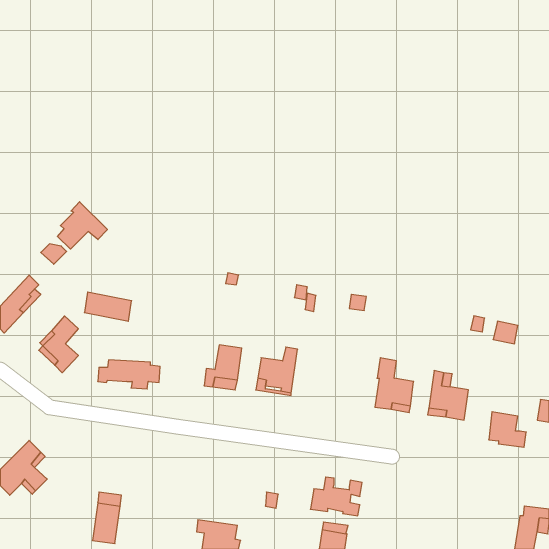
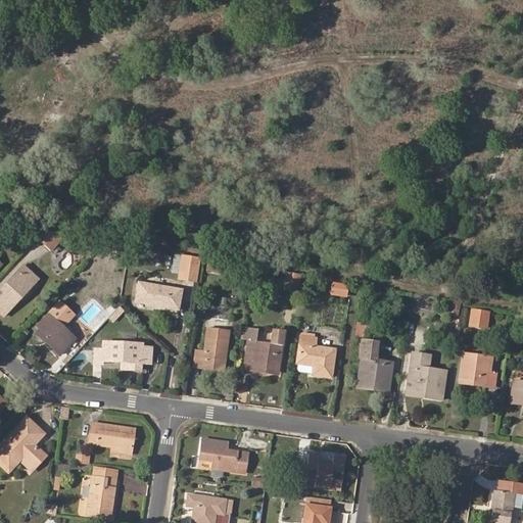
building: [57,202,107,249] -> none
building: none -> [179,255,199,282]
building: [84,292,132,321] -> [136,282,181,310]
building: none -> [296,336,334,377]
building: [489,412,526,447] -> [461,353,496,387]
building: none -> [89,423,133,449]
building: none -> [200,439,247,473]

